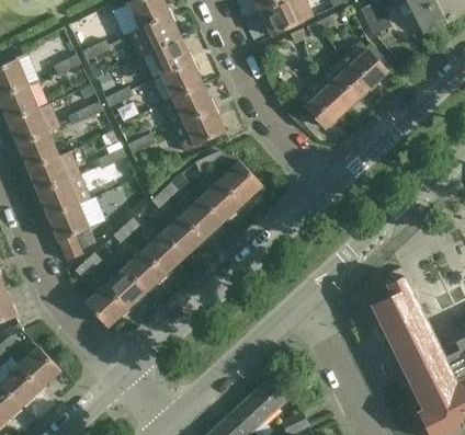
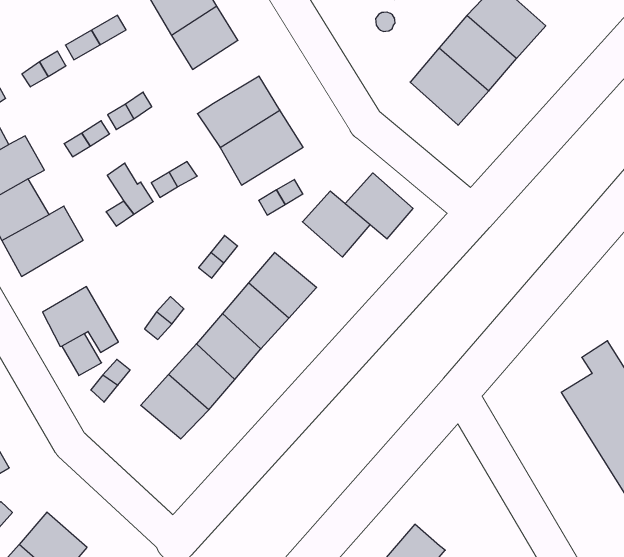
building: [160,60,202,99] -> none
building: [37,176,90,219] -> none
building: [200,180,242,222] -> [345,173,413,239]
building: [84,285,127,328] -> none

